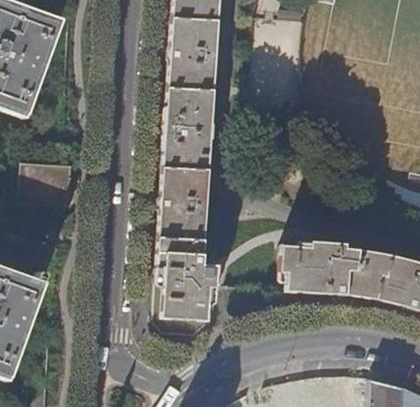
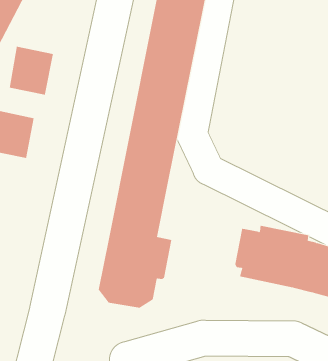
building: none -> [9,46,53,96]

